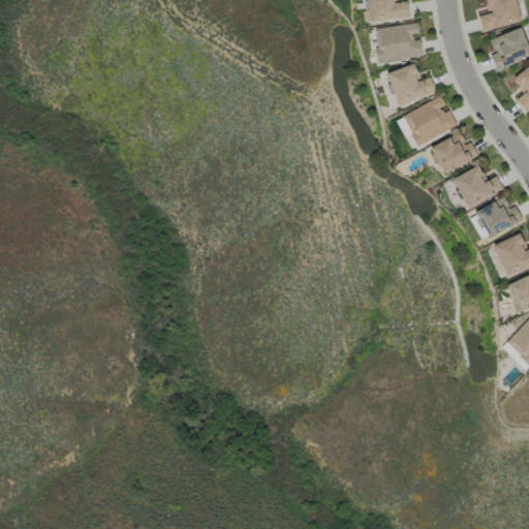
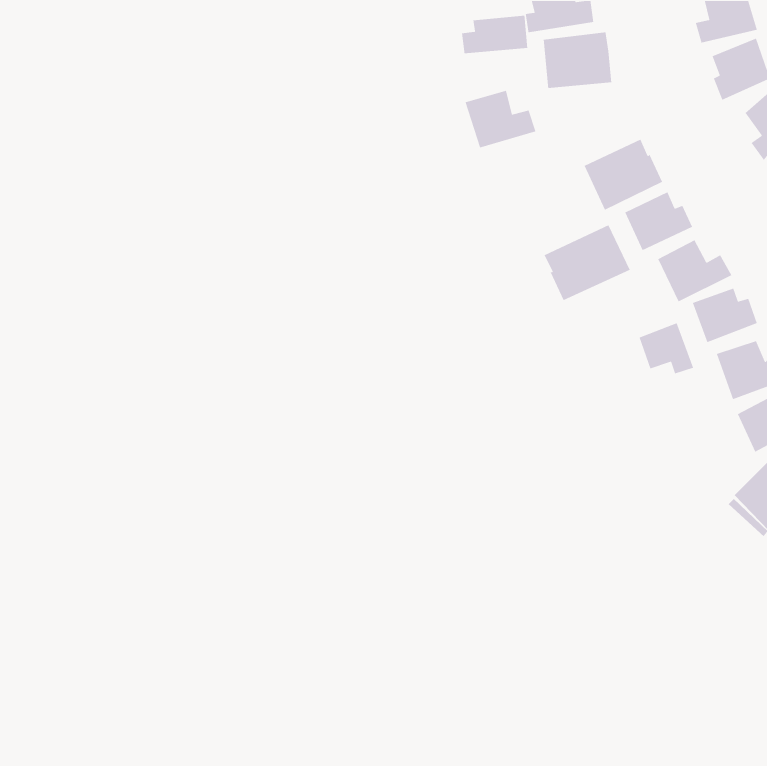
building: none -> [461,15,528,54]
building: [386,65,436,105] -> [464,90,537,149]
building: none -> [544,224,631,301]
building: none -> [638,322,694,374]

